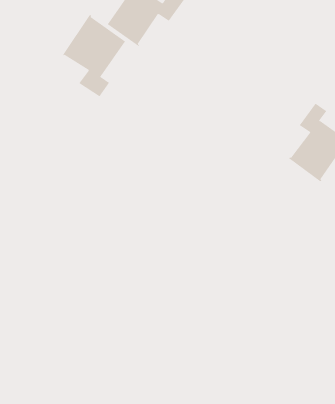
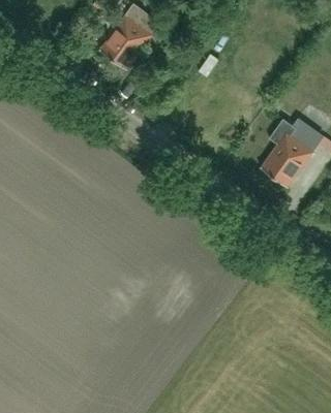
building: [62,15,126,97] -> none

